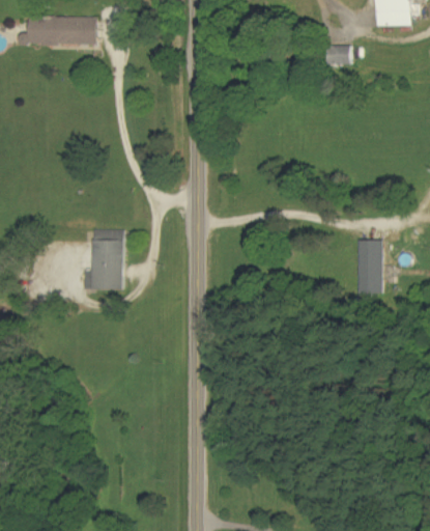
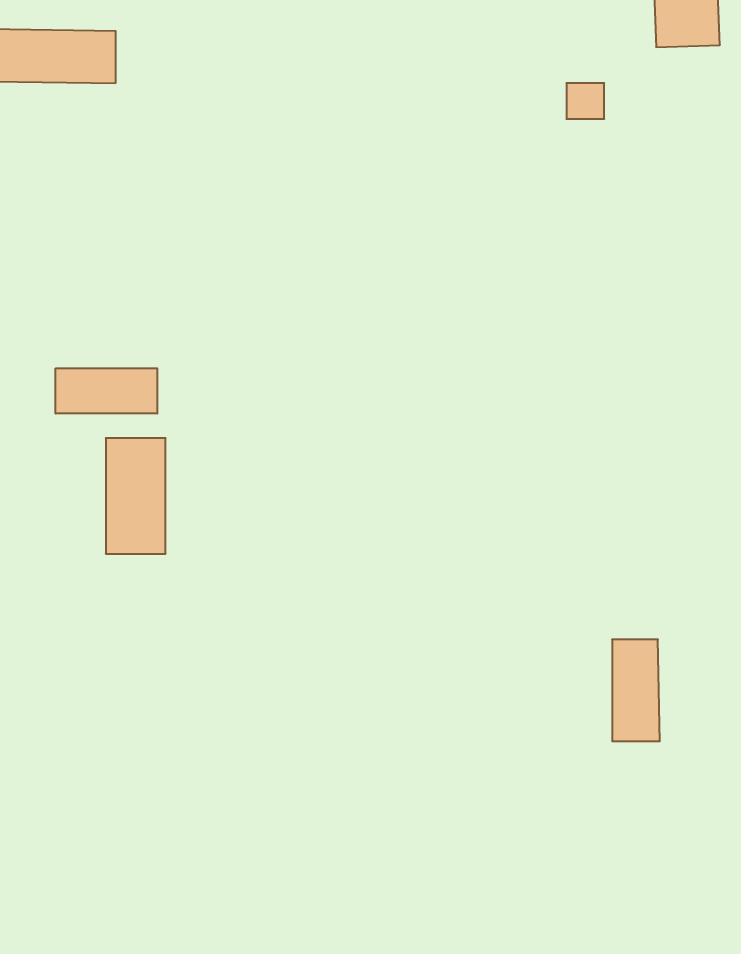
building: none -> [56,368,157,414]
building: [357,241,382,294] -> [612,639,660,741]

